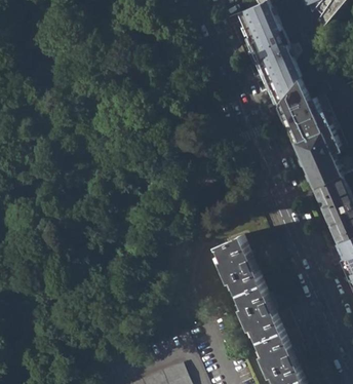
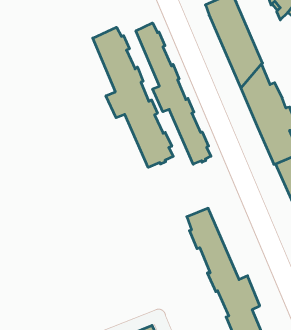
building: none -> [136,23,211,164]
building: none -> [93,27,173,167]

